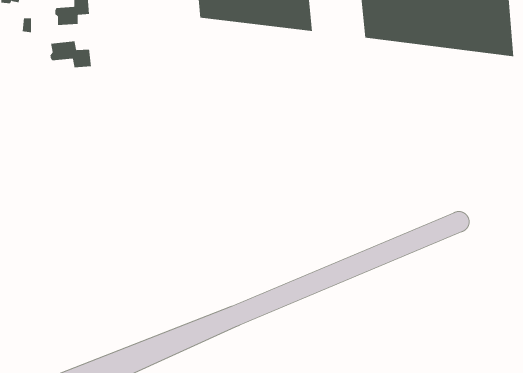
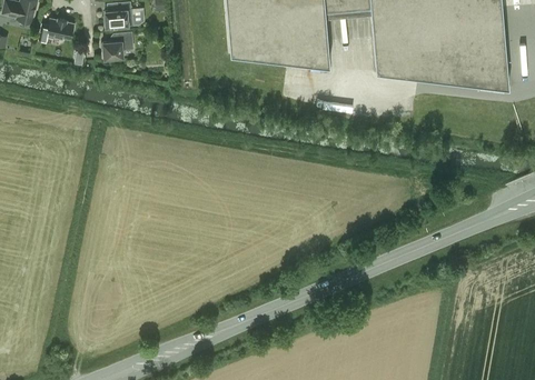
building: [50,40,91,68] -> none

